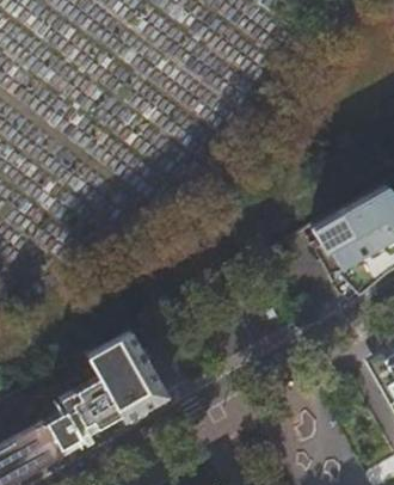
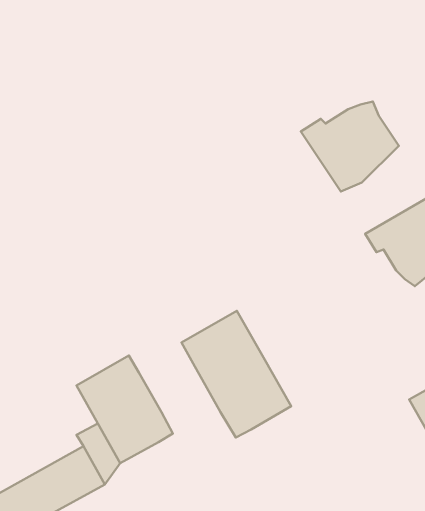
building: none -> [301,102,399,191]
building: none -> [181,311,291,438]

